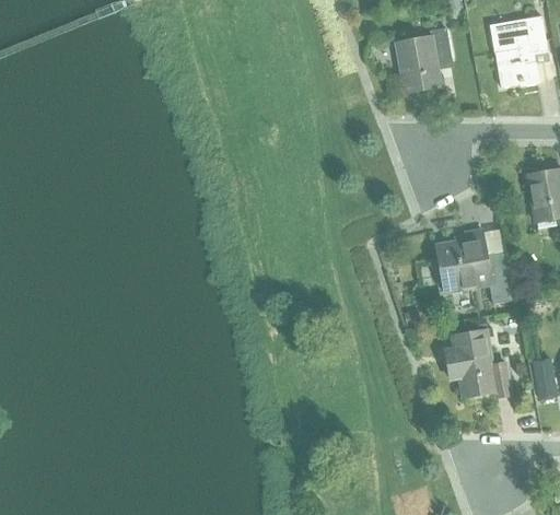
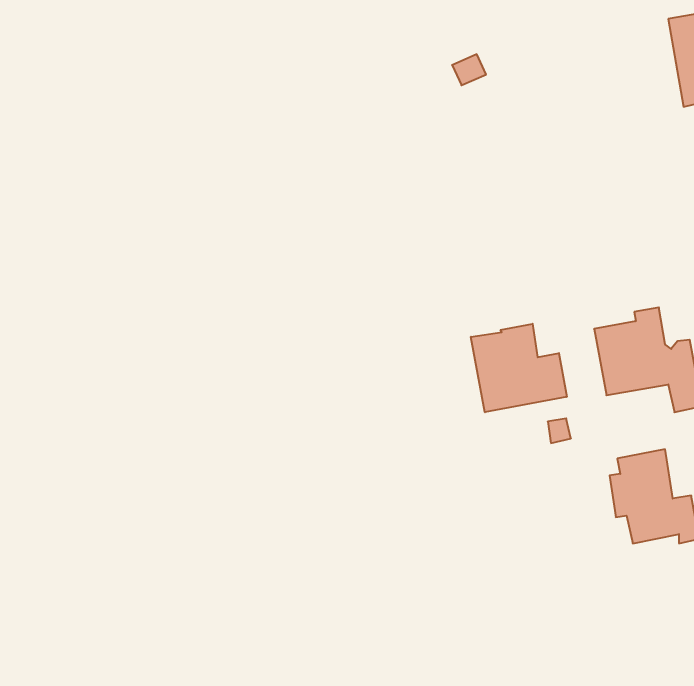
building: [396,27,452,92] -> none
building: none -> [471,324,567,412]

